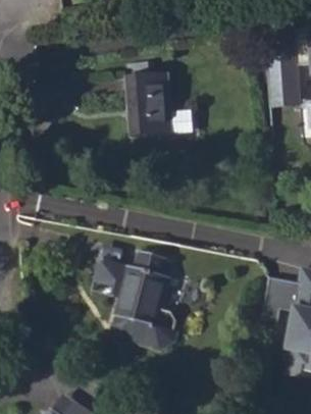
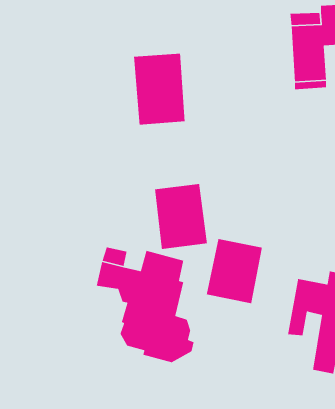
building: none -> [154,183,208,250]
building: none -> [206,238,263,304]

